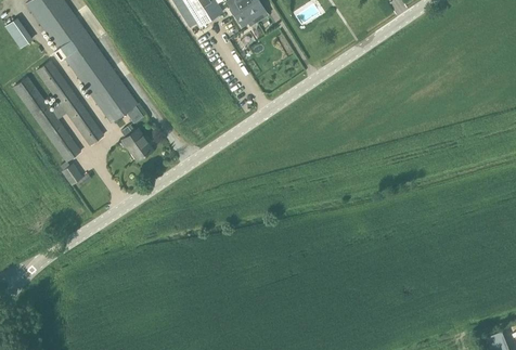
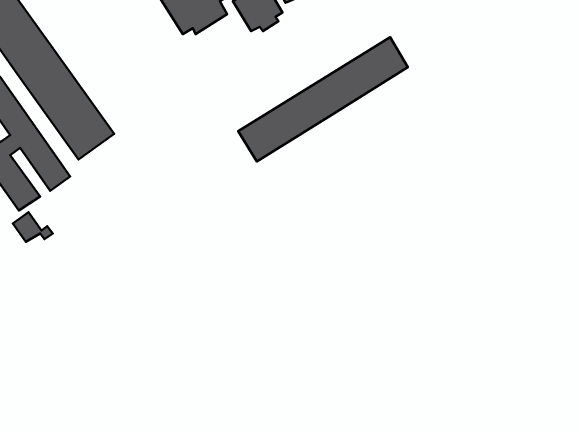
building: none -> [238,37,408,161]
building: [121,126,154,160] -> none

